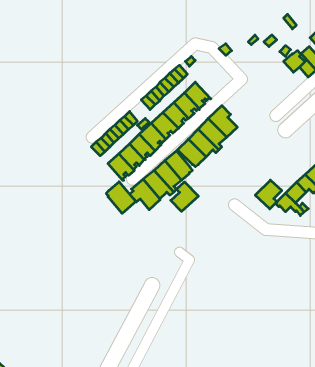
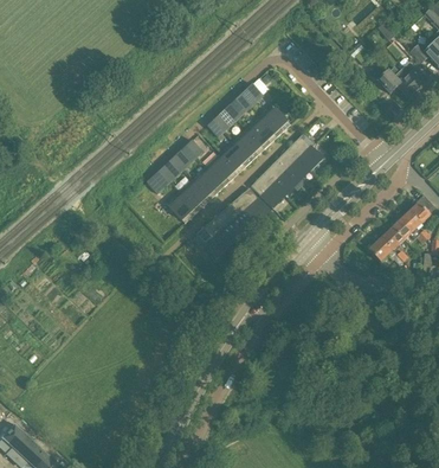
building: [255,180,282,209] -> none
building: [106,182,136,213] -> none
building: [171,182,198,211] -> none

